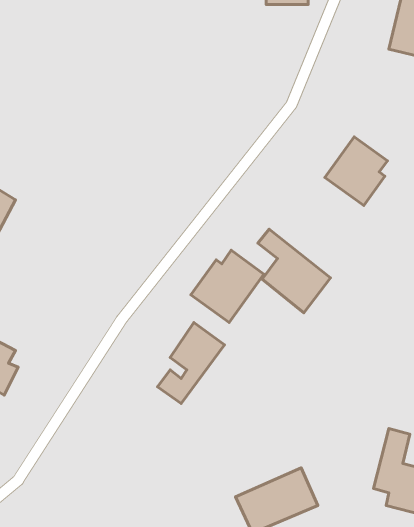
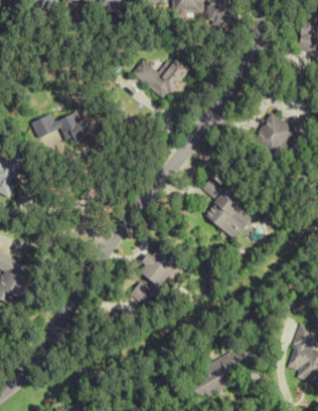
building: none -> [132,52,192,99]
building: none -> [31,109,99,146]
building: [191,250,264,323] -> none

